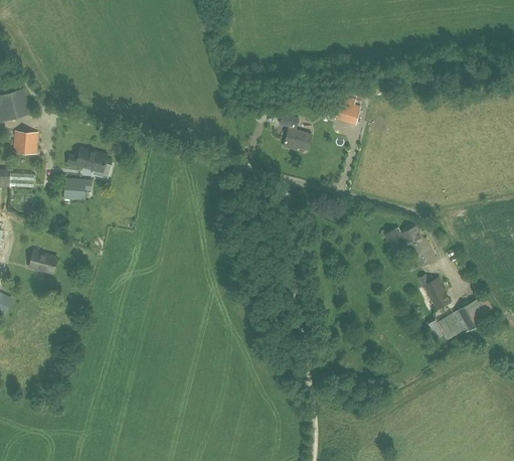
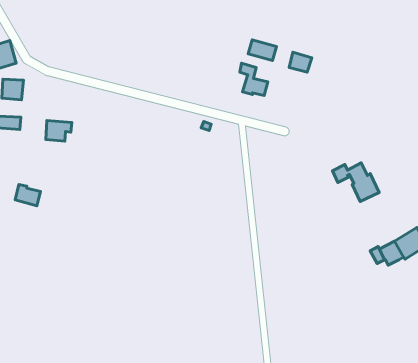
building: none -> [248,40,277,60]
building: [66,148,107,172] -> none
building: [417,276,450,309] -> none

